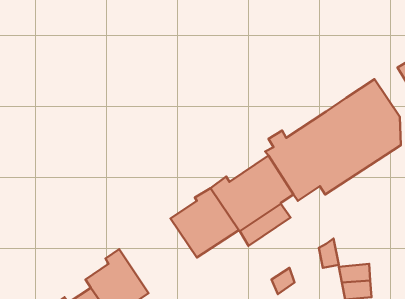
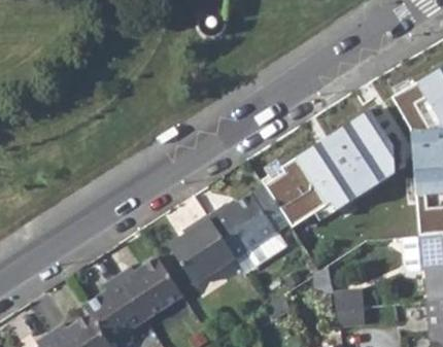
building: none -> [118,256,183,318]

